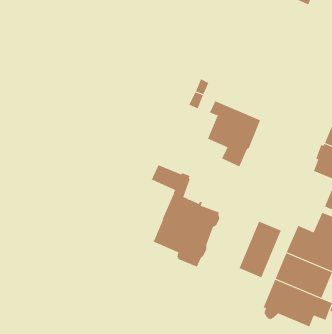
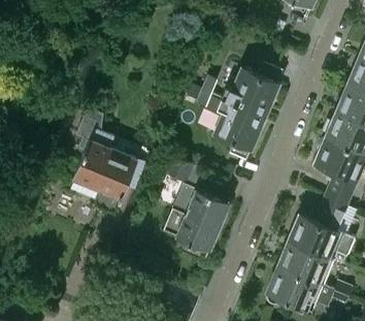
building: none -> [223,63,284,116]
building: none -> [72,107,145,213]
building: [239,221,281,278] -> none

